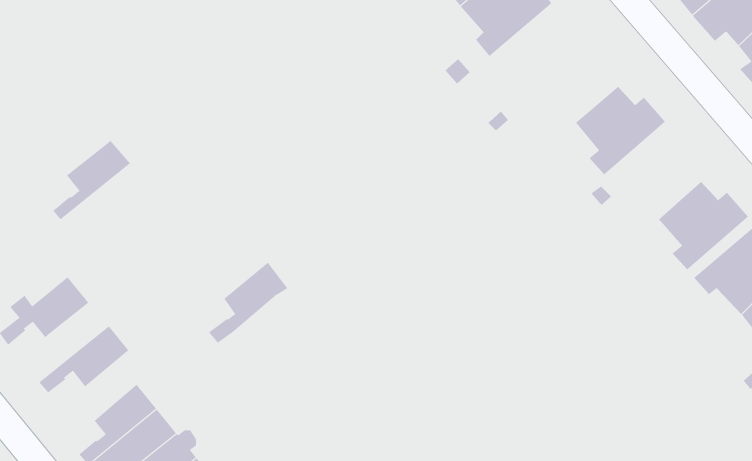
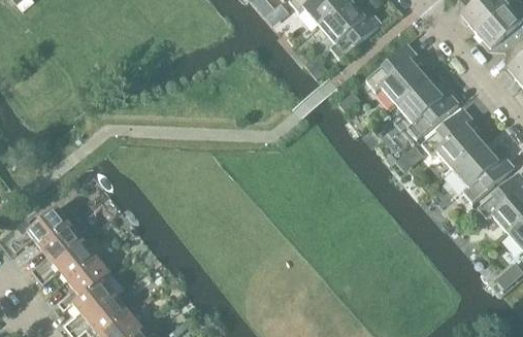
building: none -> [364,43,425,103]
building: none -> [420,107,481,168]
building: [52,140,131,220] -> [31,224,84,277]
building: [208,262,288,343] -> [57,256,110,310]

